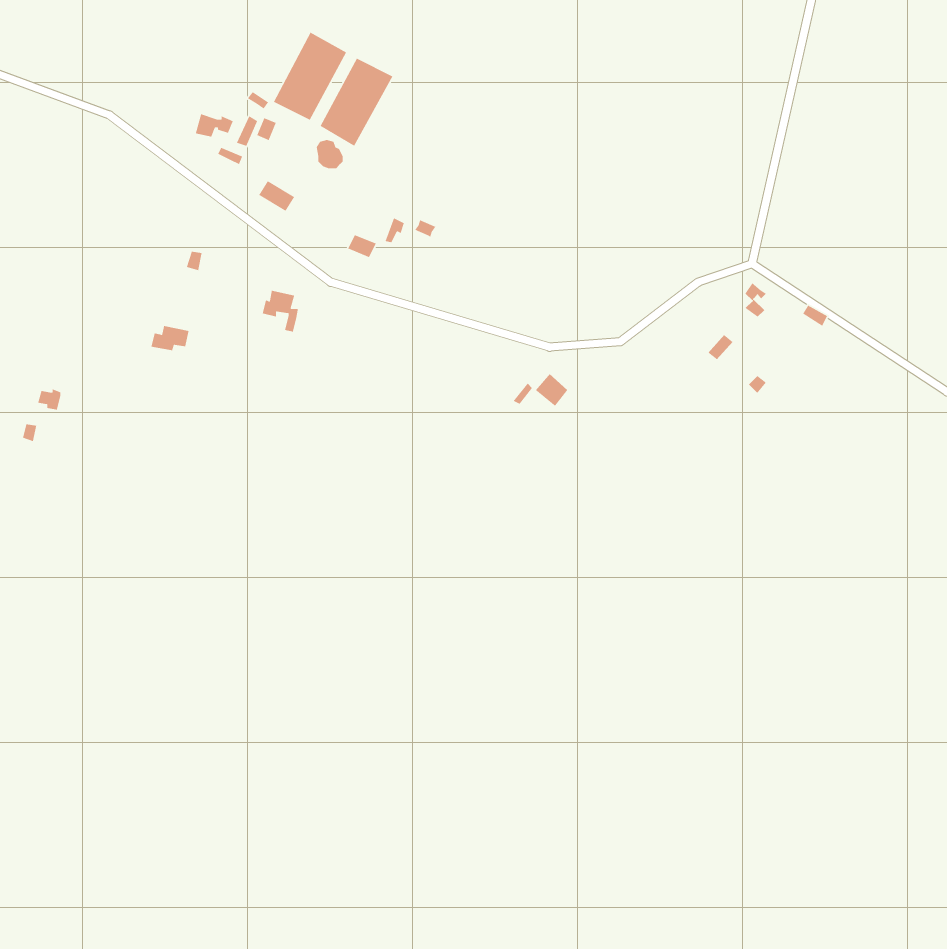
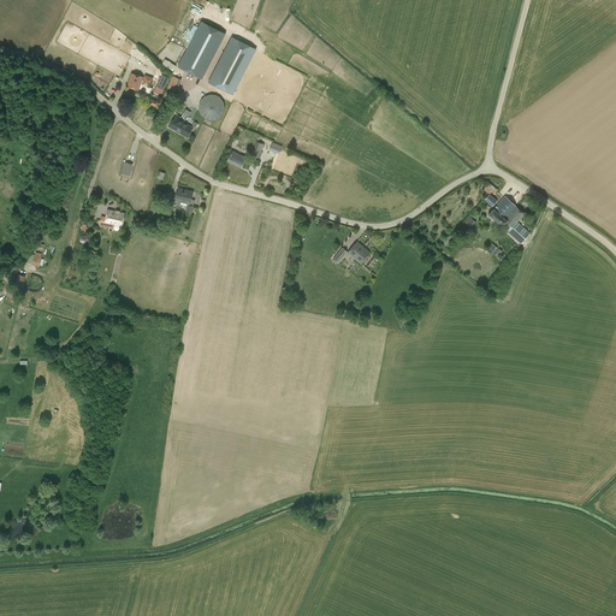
building: none -> [487,196,528,243]

